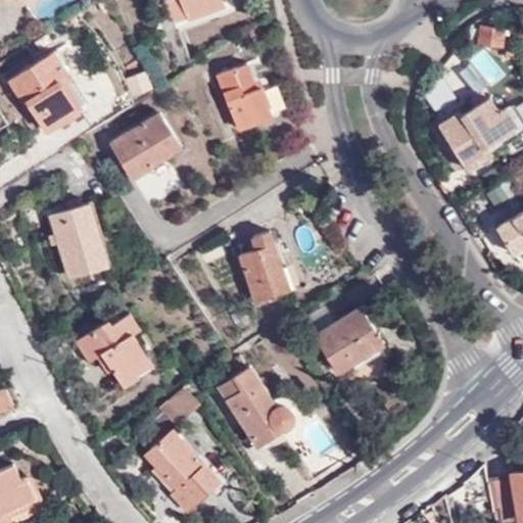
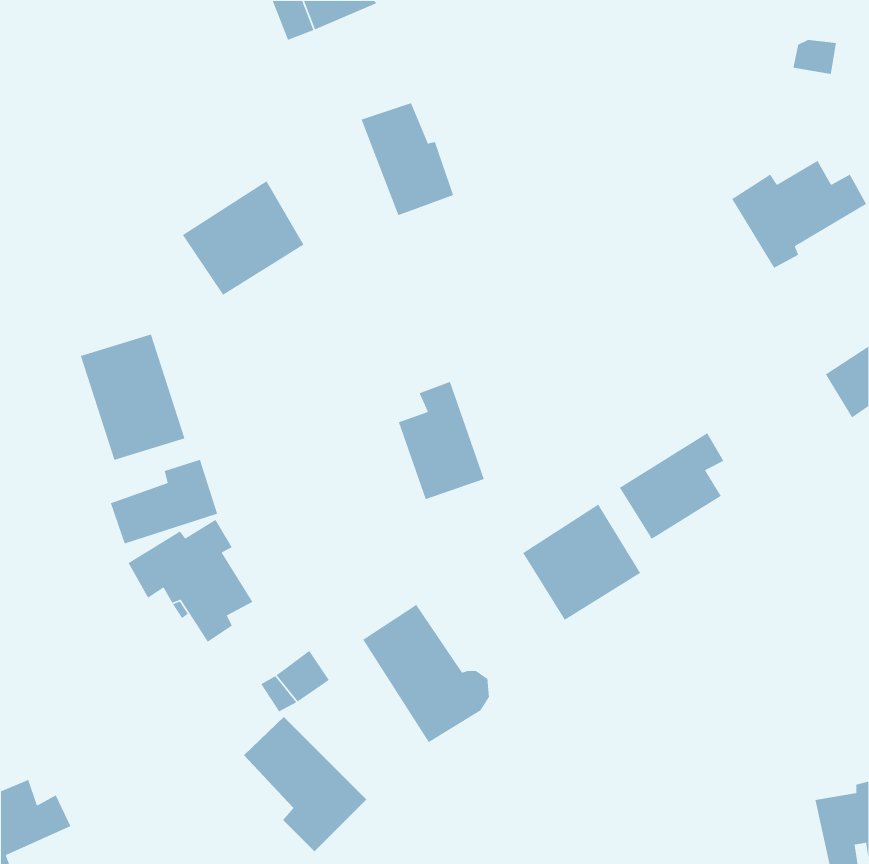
building: [7,52,81,134] -> none
building: none -> [619,432,725,540]
building: none -> [110,459,218,544]

